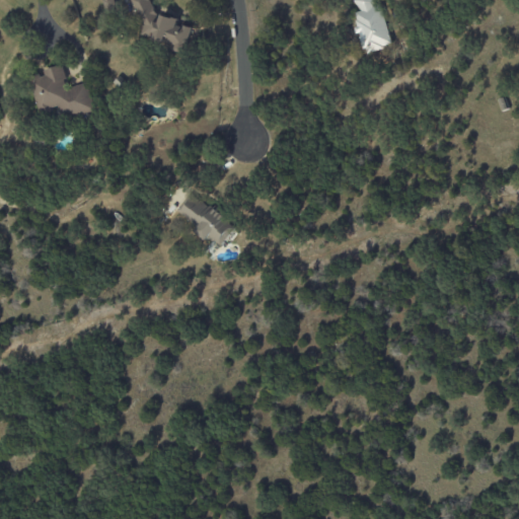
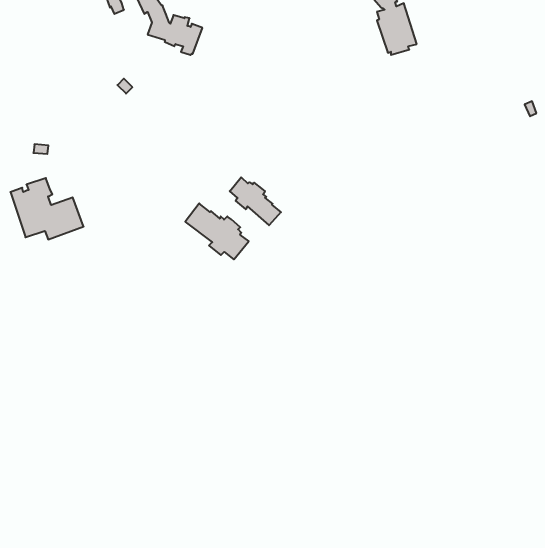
building: [26,63,95,121] -> [10,178,84,239]
building: none -> [230,177,281,225]

